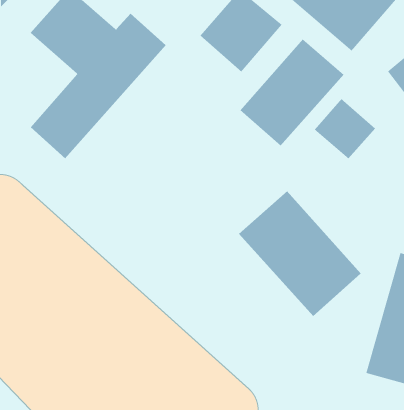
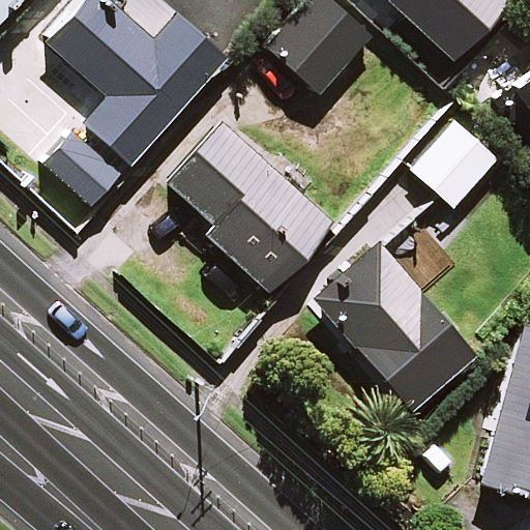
building: [240,38,344,146] -> none
building: none -> [167,121,331,291]

